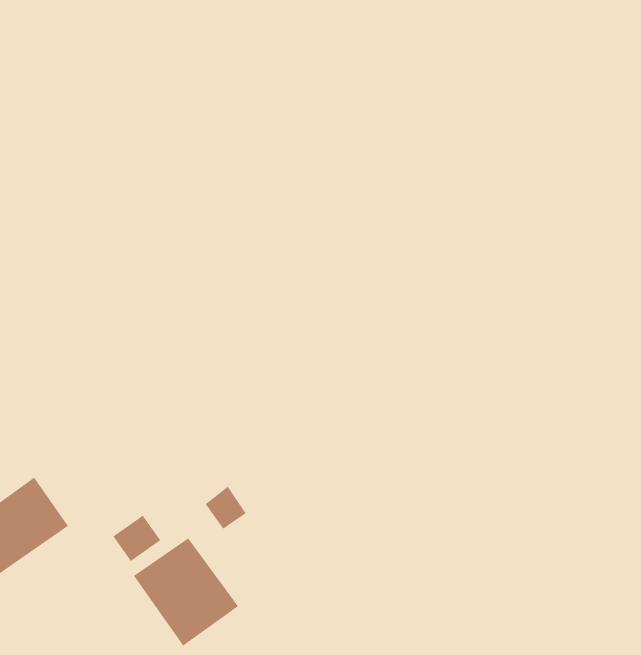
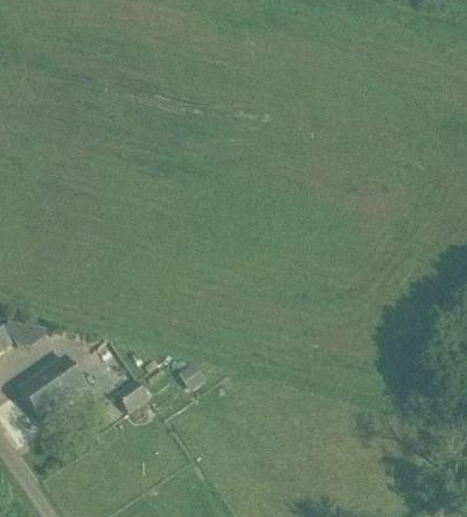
building: [133,537,239,646] -> none

